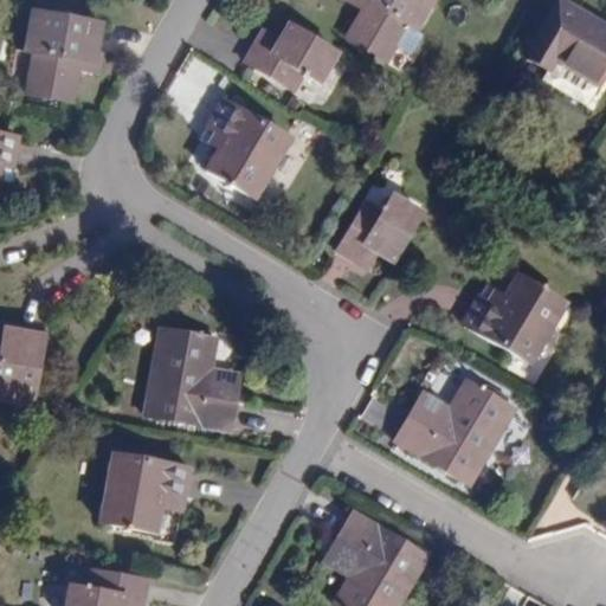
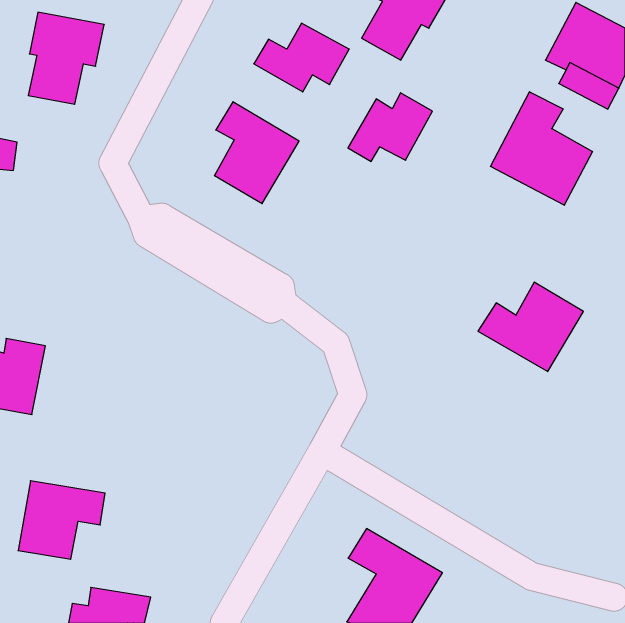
building: none -> [491,92,592,205]
building: [340,194,421,260] -> [348,93,432,161]
building: [146,328,233,427] -> none
building: [395,379,512,484] -> none
building: [104,454,188,530] -> [18,481,105,559]

